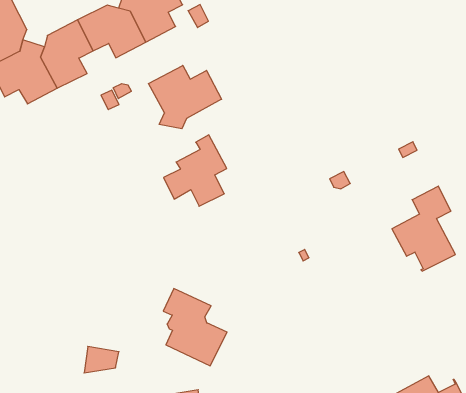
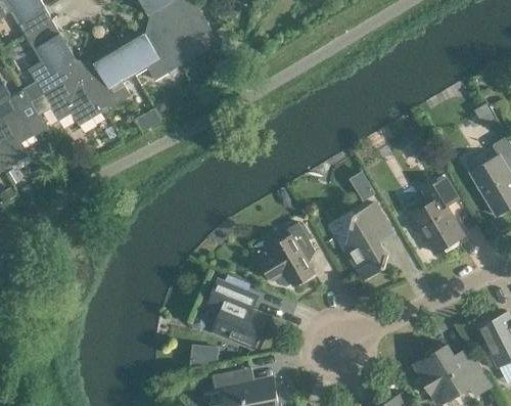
building: [148,65,222,129] -> none
building: [164,135,227,206] -> [261,222,316,285]
building: none -> [346,202,394,278]
building: [84,346,119,373] -> [189,343,219,366]

